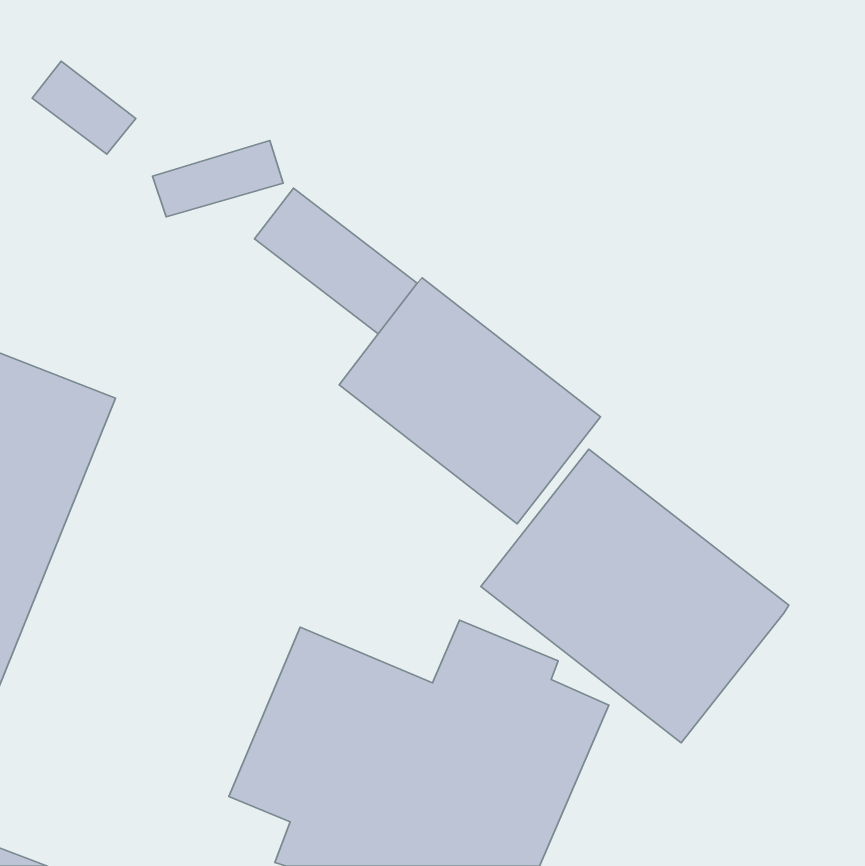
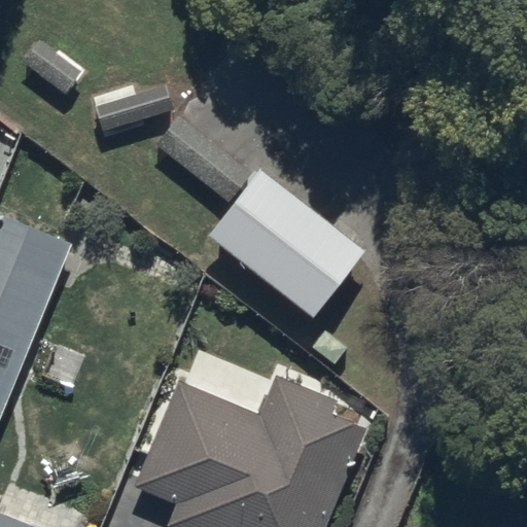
building: [481,449,789,743] -> none

